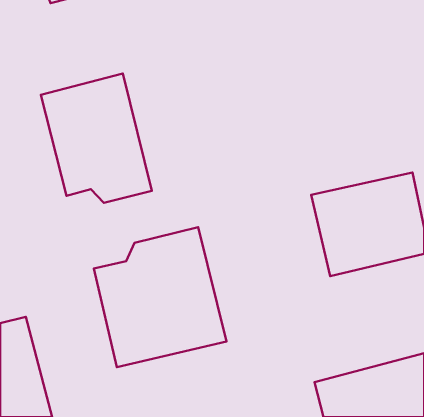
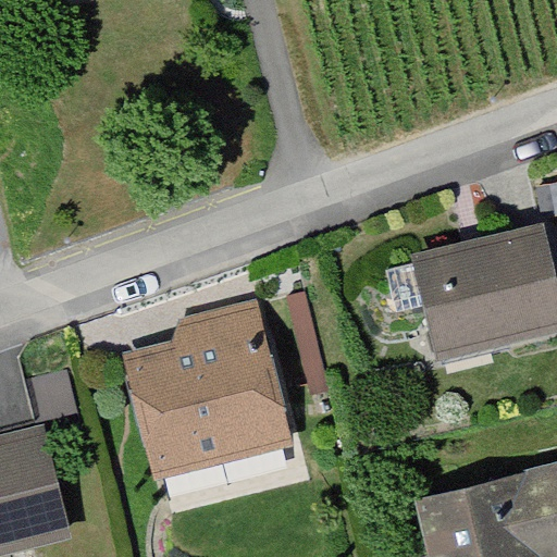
building: [41,73,152,203] -> none

